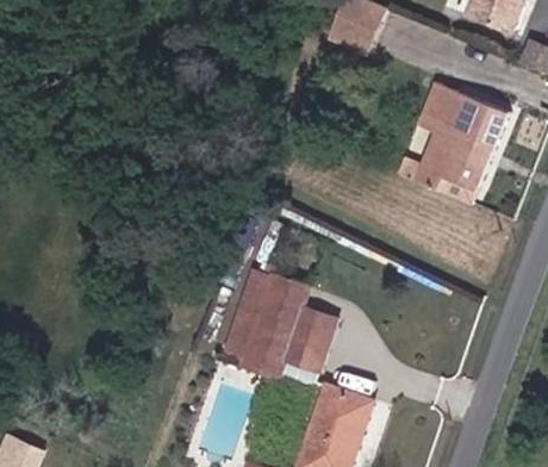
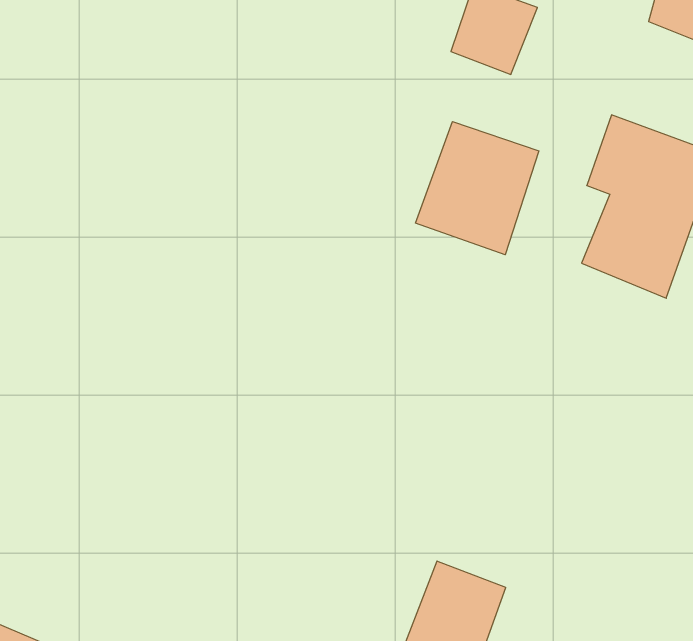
building: none -> [416,122,539,255]
building: [228,269,330,380] -> none

